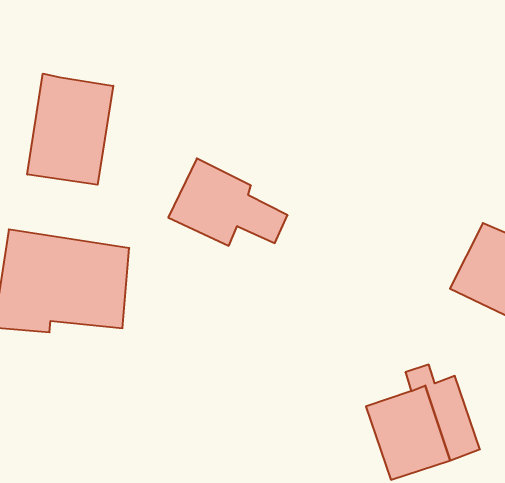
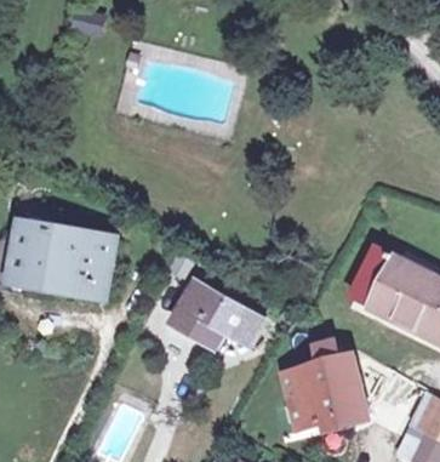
building: [27,74,113,185] -> none
building: [168,158,288,246] -> [171,279,262,347]

